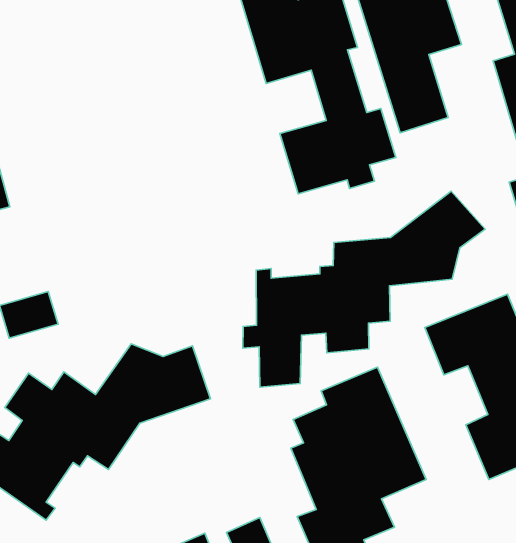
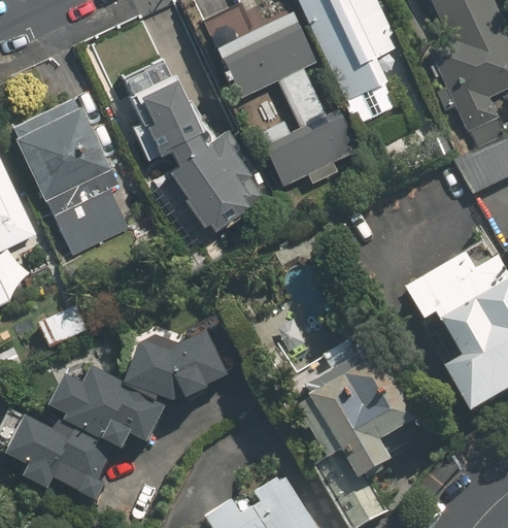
building: none -> [107,58,256,227]
building: none -> [15,95,128,250]
building: [243,191,485,387] -> none

